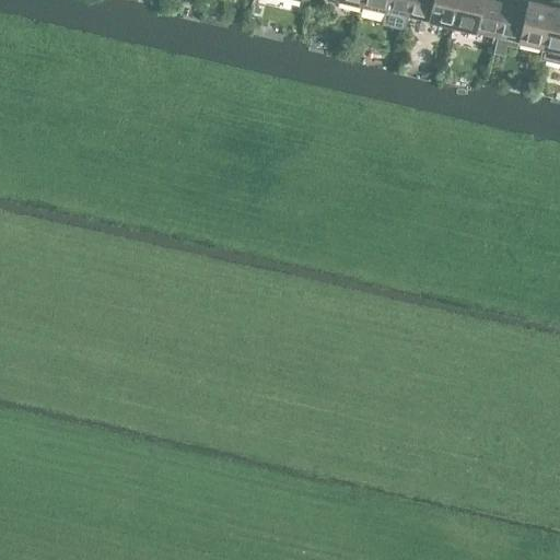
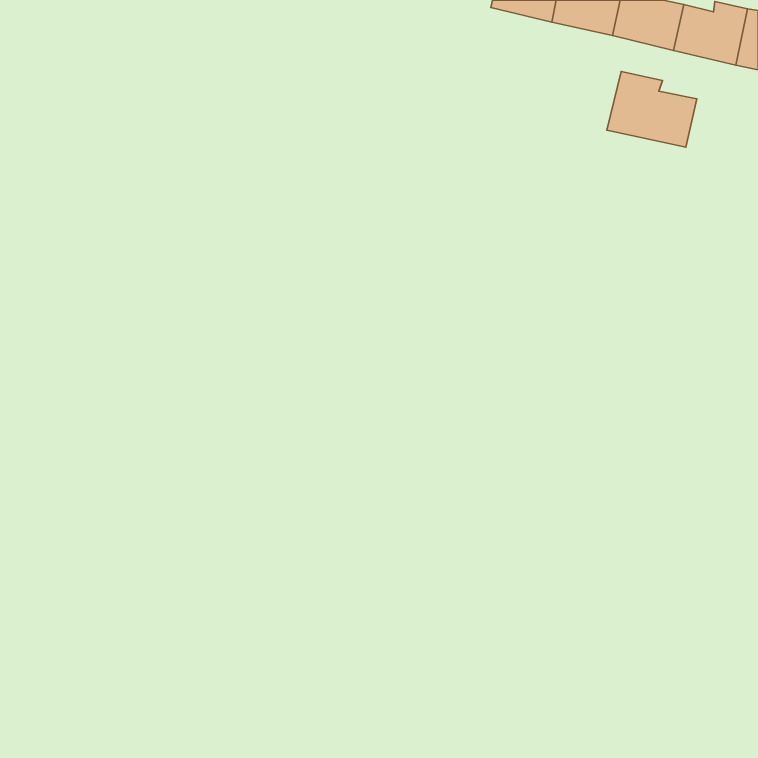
building: none -> [607,71,697,147]

